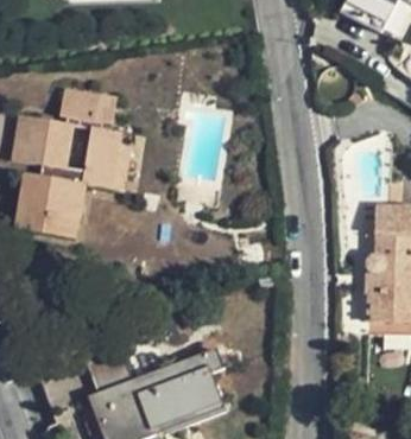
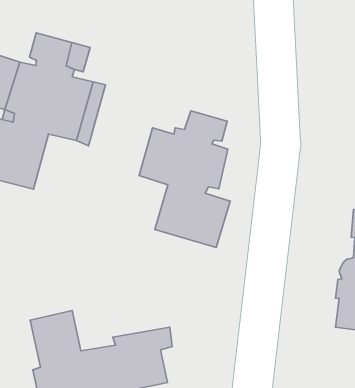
building: none -> [139,111,230,248]

